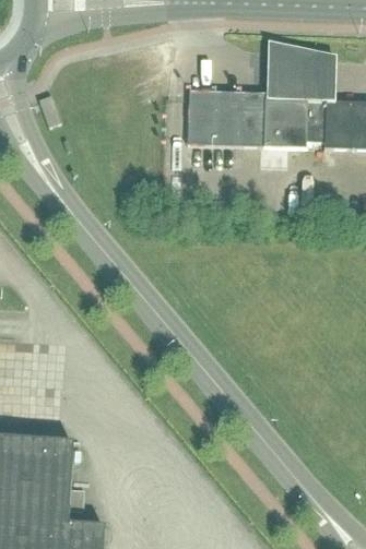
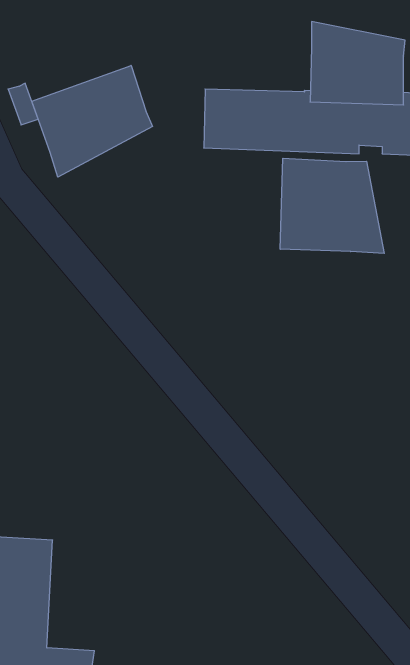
building: none -> [32,65,152,177]
building: none -> [280,158,384,253]

